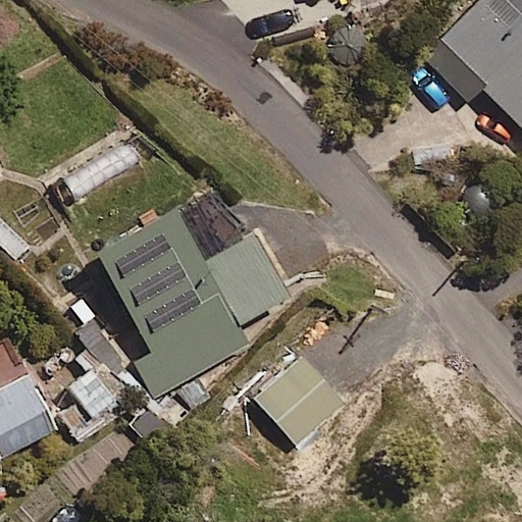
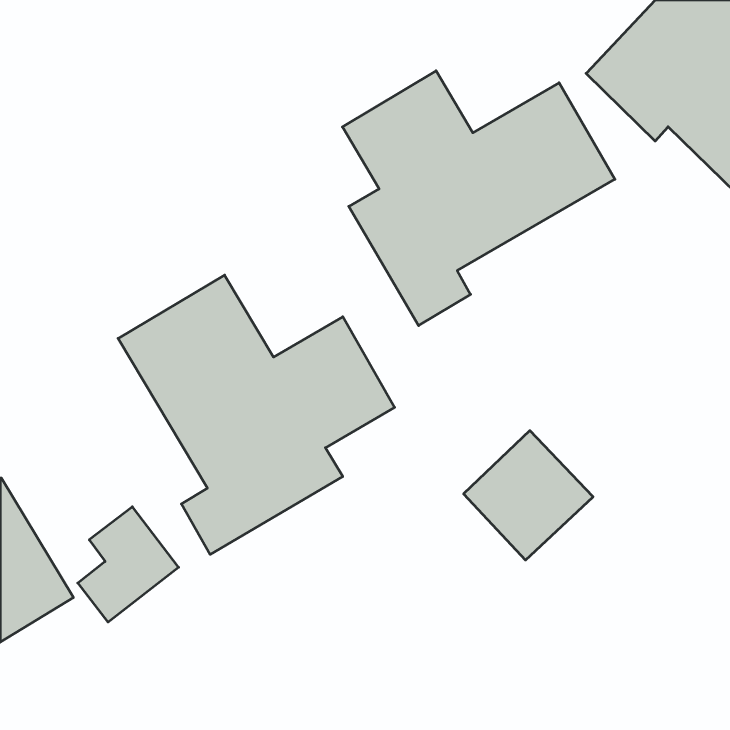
building: none -> [342,71,615,326]
building: [255,355,347,447] -> [464,431,593,560]

